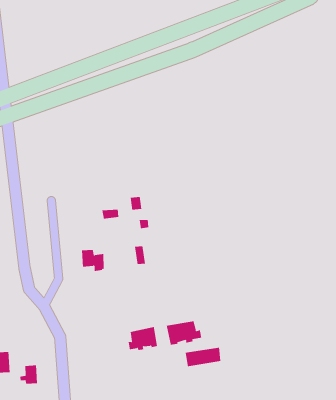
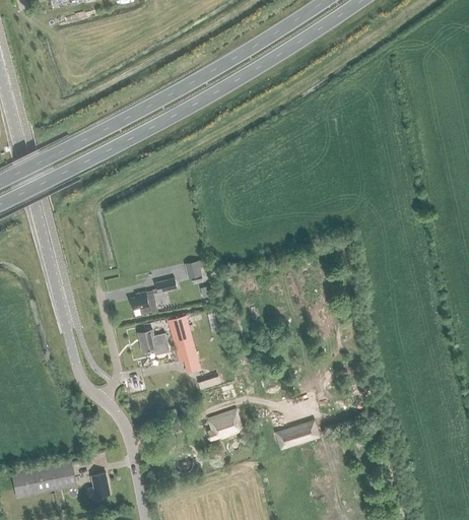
building: none -> [130,291,157,314]
building: none -> [170,318,197,361]
building: [166,321,202,346] -> none

